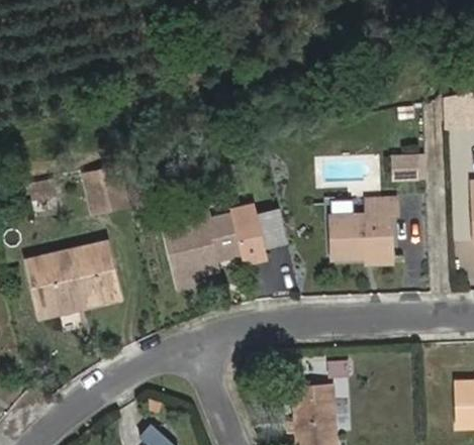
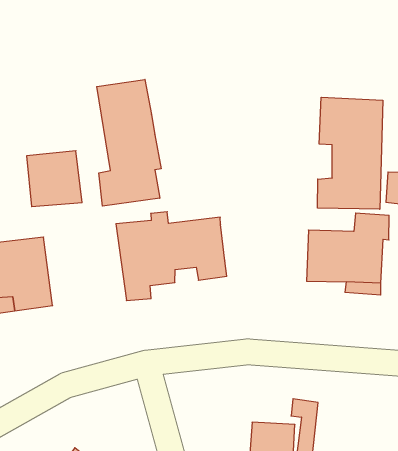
building: none -> [318,97,383,209]
building: none -> [97,79,161,206]
building: [253,211,283,247] -> none

